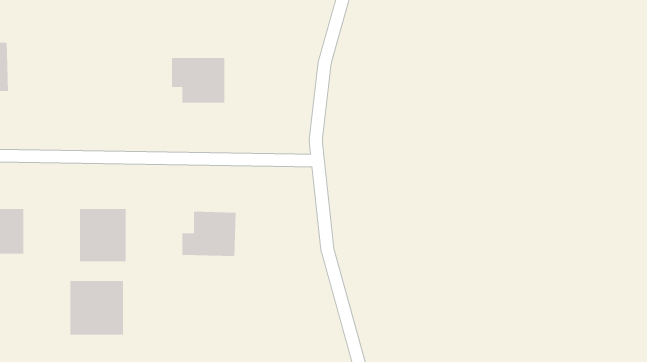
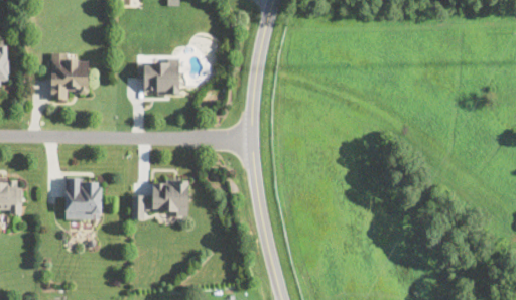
building: none -> [50,52,89,101]
building: [69,280,124,336] -> none

